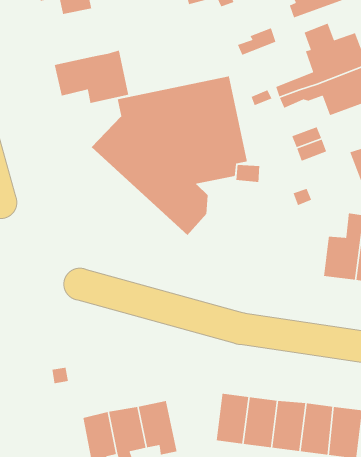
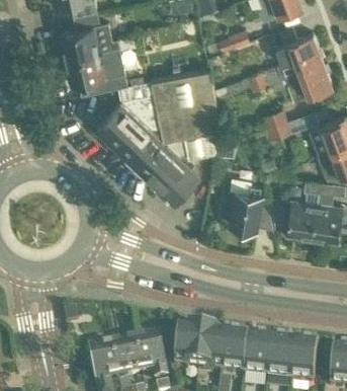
building: none -> [61,14,119,60]
building: none -> [229,178,262,231]
building: none -> [174,326,203,369]

